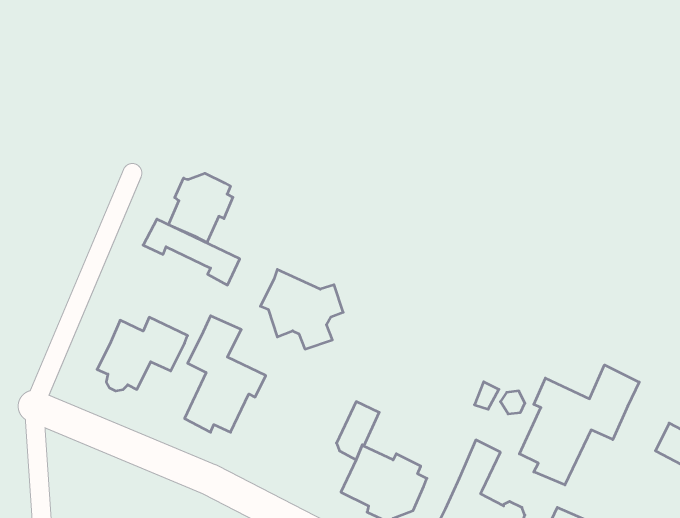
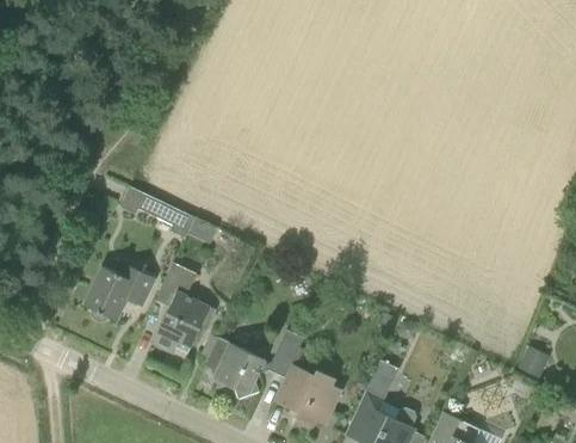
building: [169,173,233,243] -> none
building: [260,269,343,349] -> [204,338,268,400]
building: [519,365,639,485] -> none

